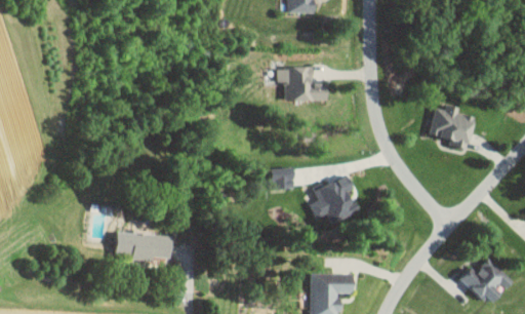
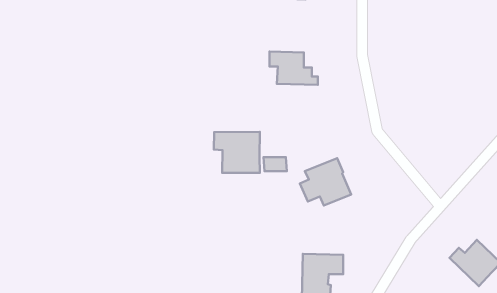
building: [428,105,475,148] -> none
building: none -> [214,132,260,173]
building: [116,233,171,261] -> none

